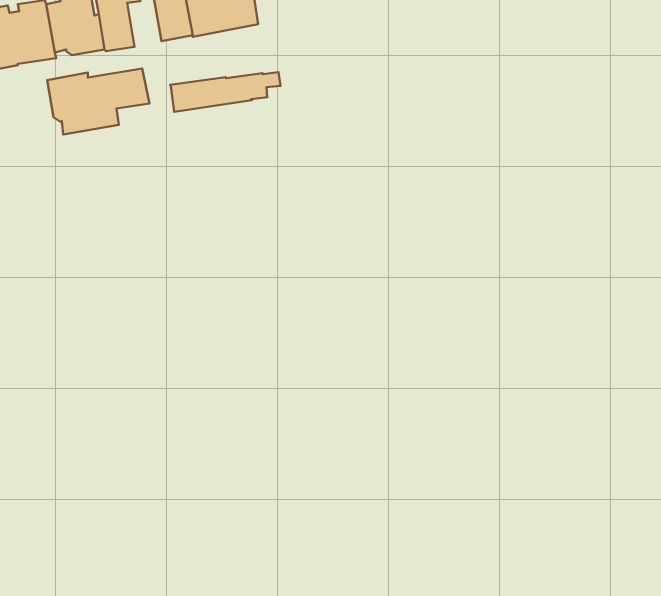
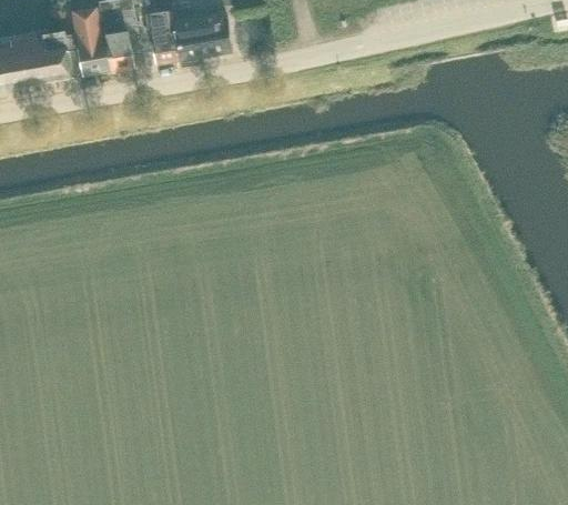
building: [47,69,150,134] -> none
building: [170,72,281,112] -> none

